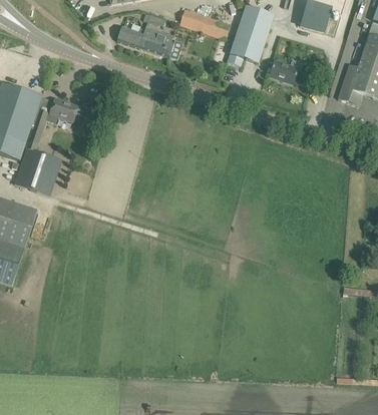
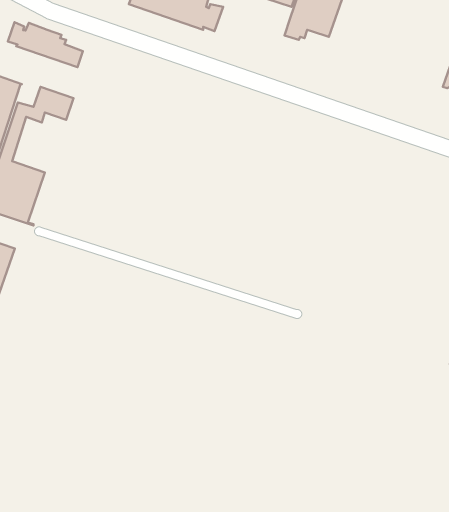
building: none -> [8,22,83,67]
building: [270,58,299,82] -> none

